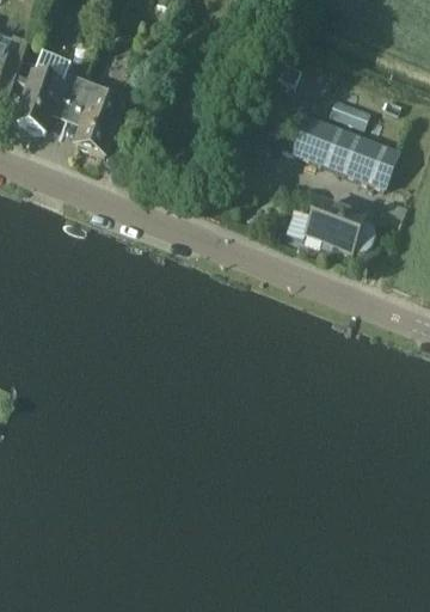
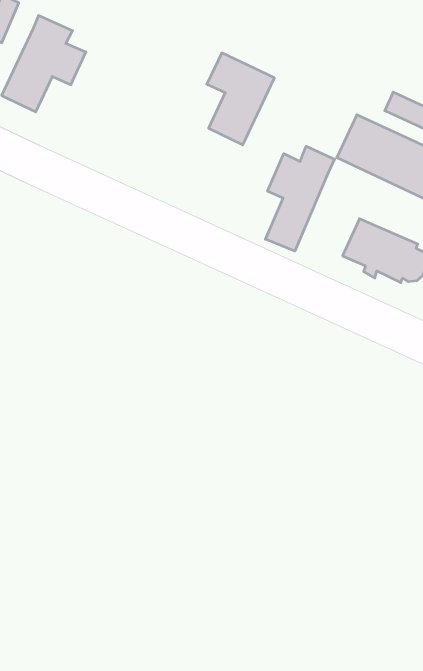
building: [72,80,127,154] -> [207,53,274,145]
building: none -> [265,146,335,251]

